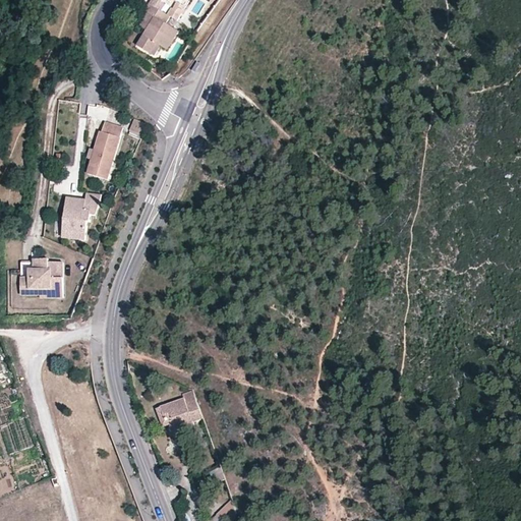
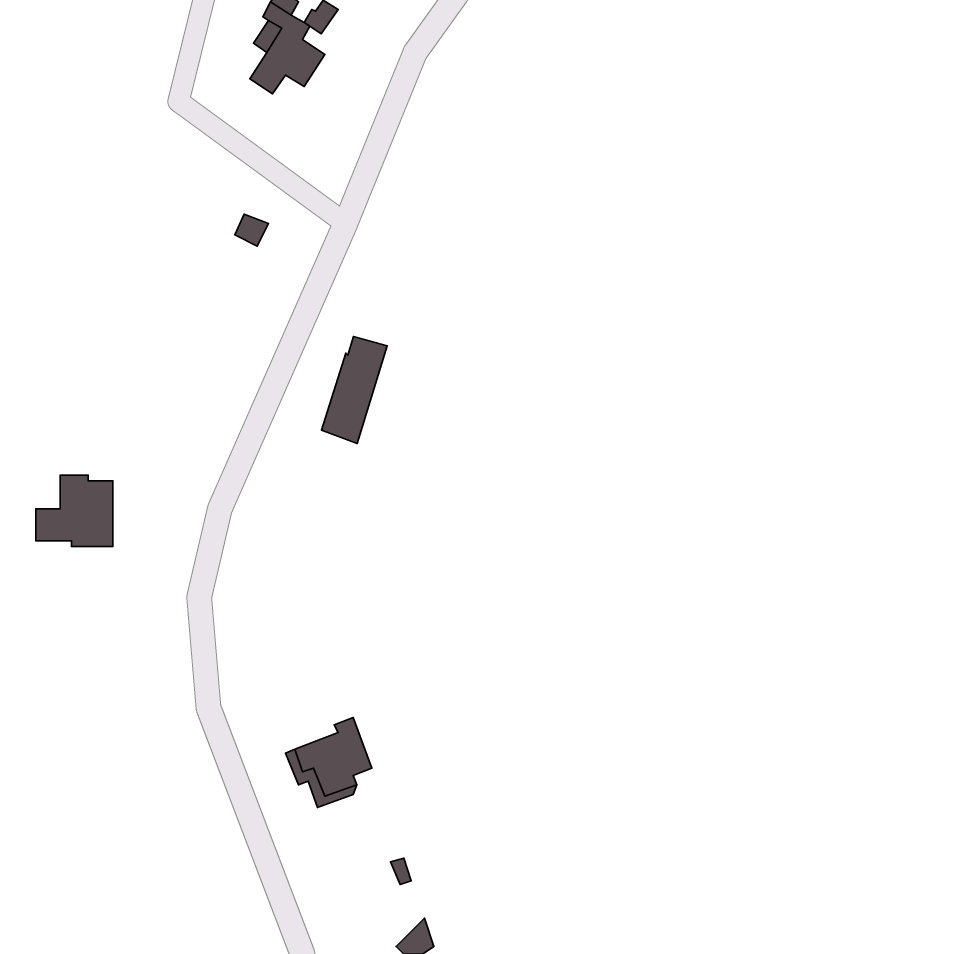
building: [85,120,121,178] -> [322,336,387,443]
building: [61,191,100,238] -> none

